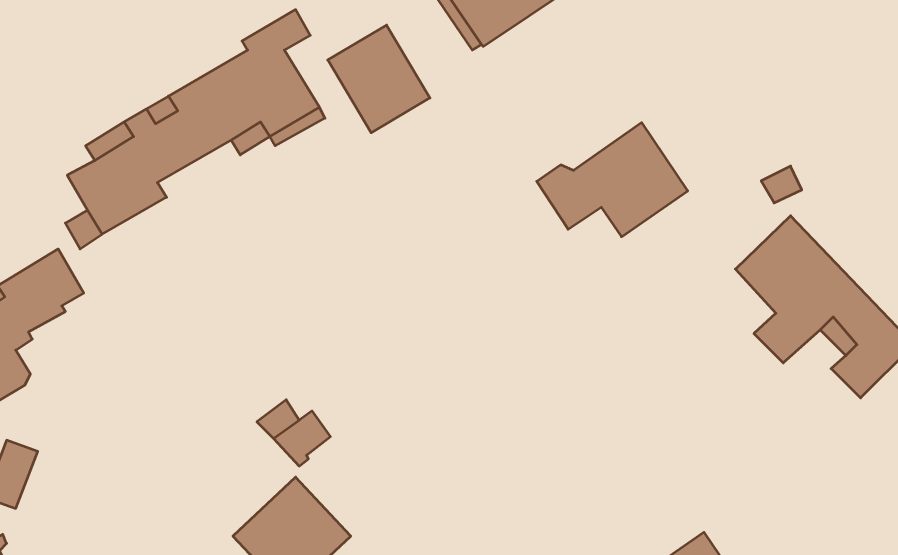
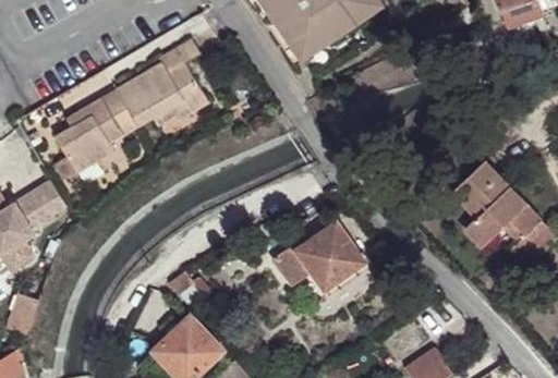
building: [328,25,430,133] -> none
building: [537,123,688,237] -> [275,221,364,289]

